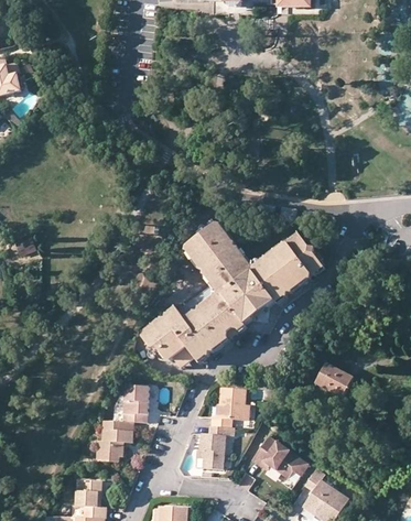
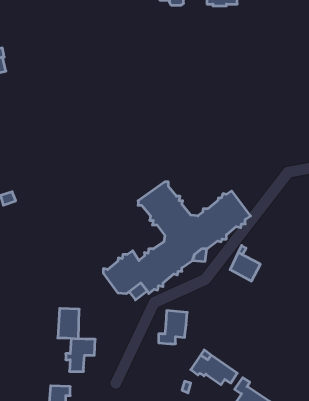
building: [315,361,353,397] -> [230,253,260,281]
building: [121,384,148,422] -> [58,308,79,339]
building: [198,425,225,467] -> none

